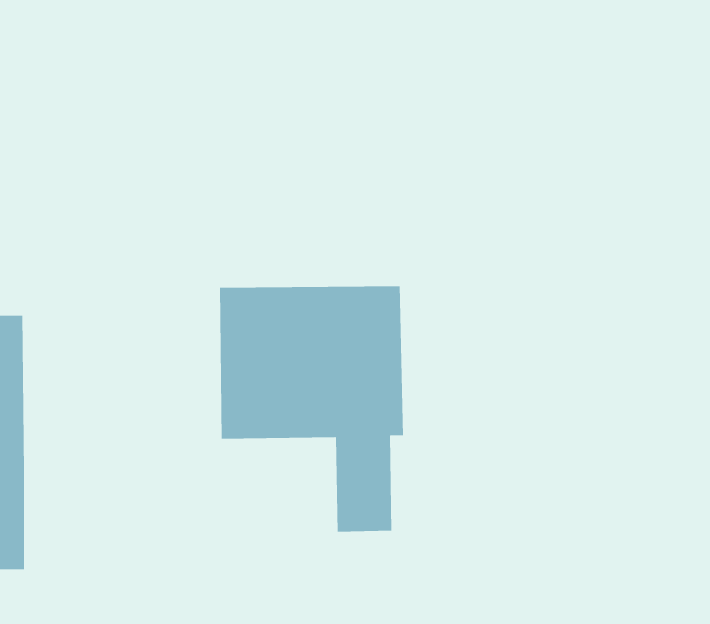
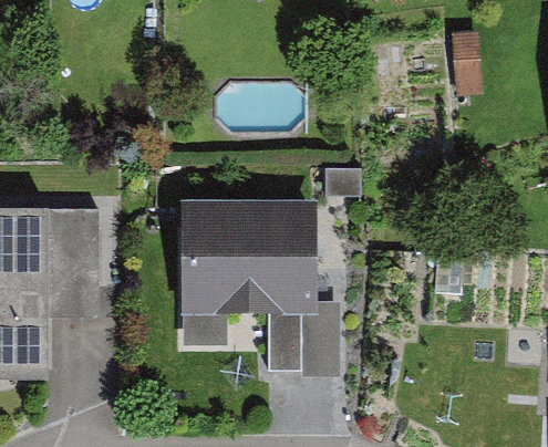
building: none -> [48,212,99,323]

